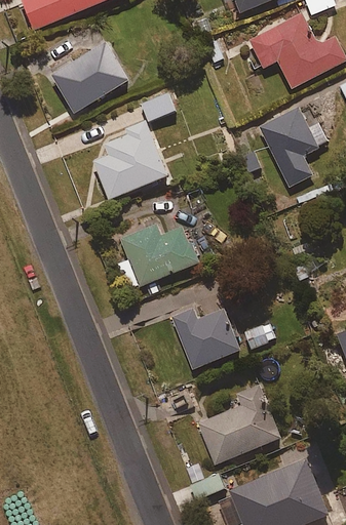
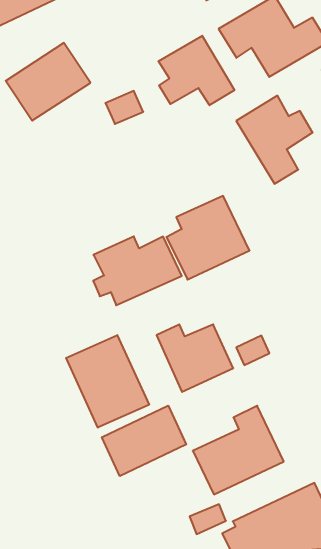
building: none -> [158,36,234,105]
building: [92,125,167,199] -> [166,196,250,280]
building: none -> [66,335,149,428]
building: none -> [102,406,186,476]

